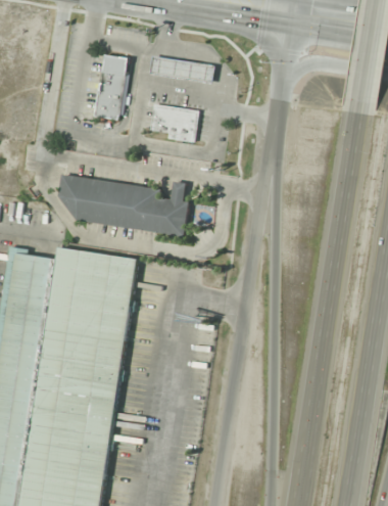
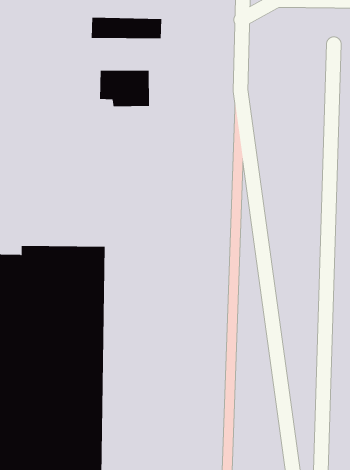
building: [94,54,129,120] -> none
building: [61,175,189,236] -> none

